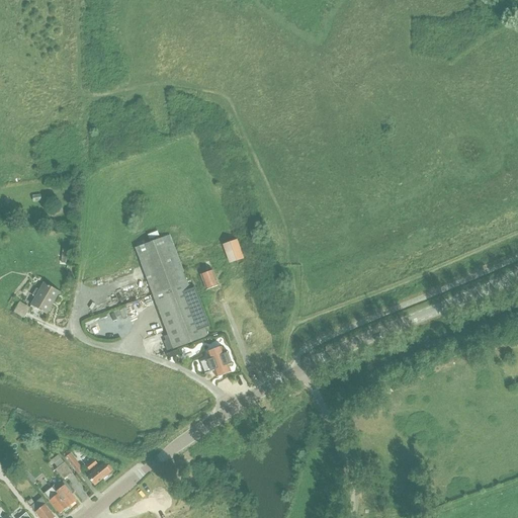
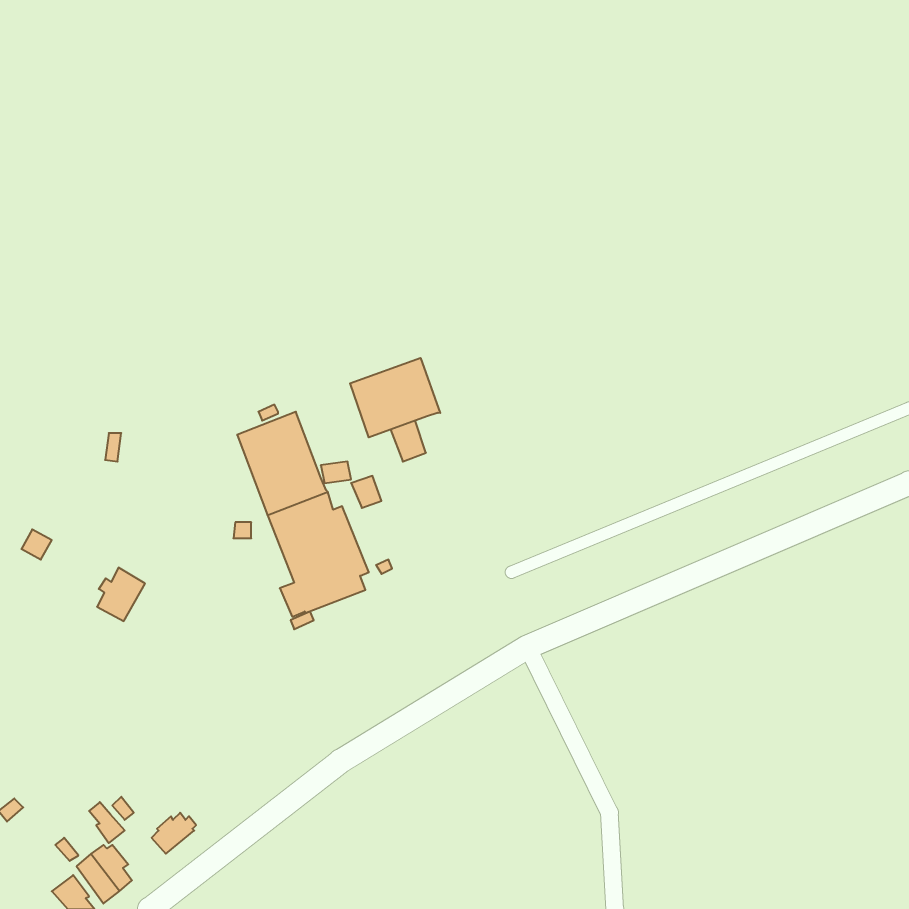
building: none -> [350,358,440,437]
building: [30,282,58,313] -> [97,568,145,621]
building: [199,345,231,376] -> none

